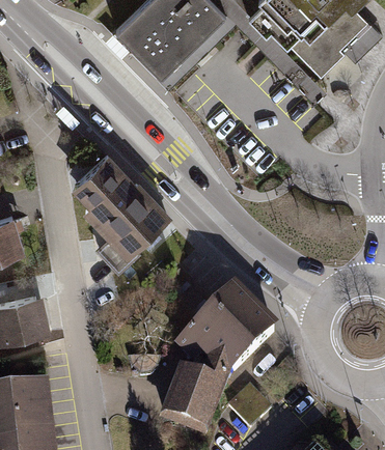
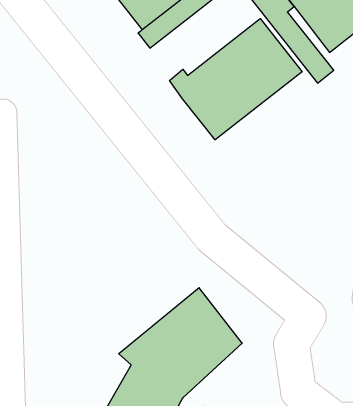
building: none -> [170,19,302,140]
building: [70,151,170,258] -> none

